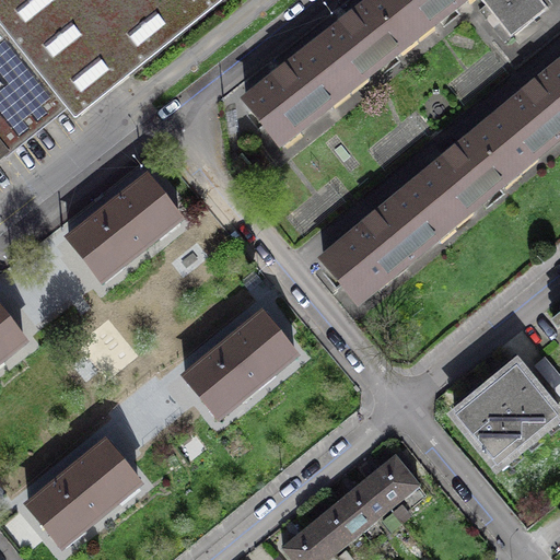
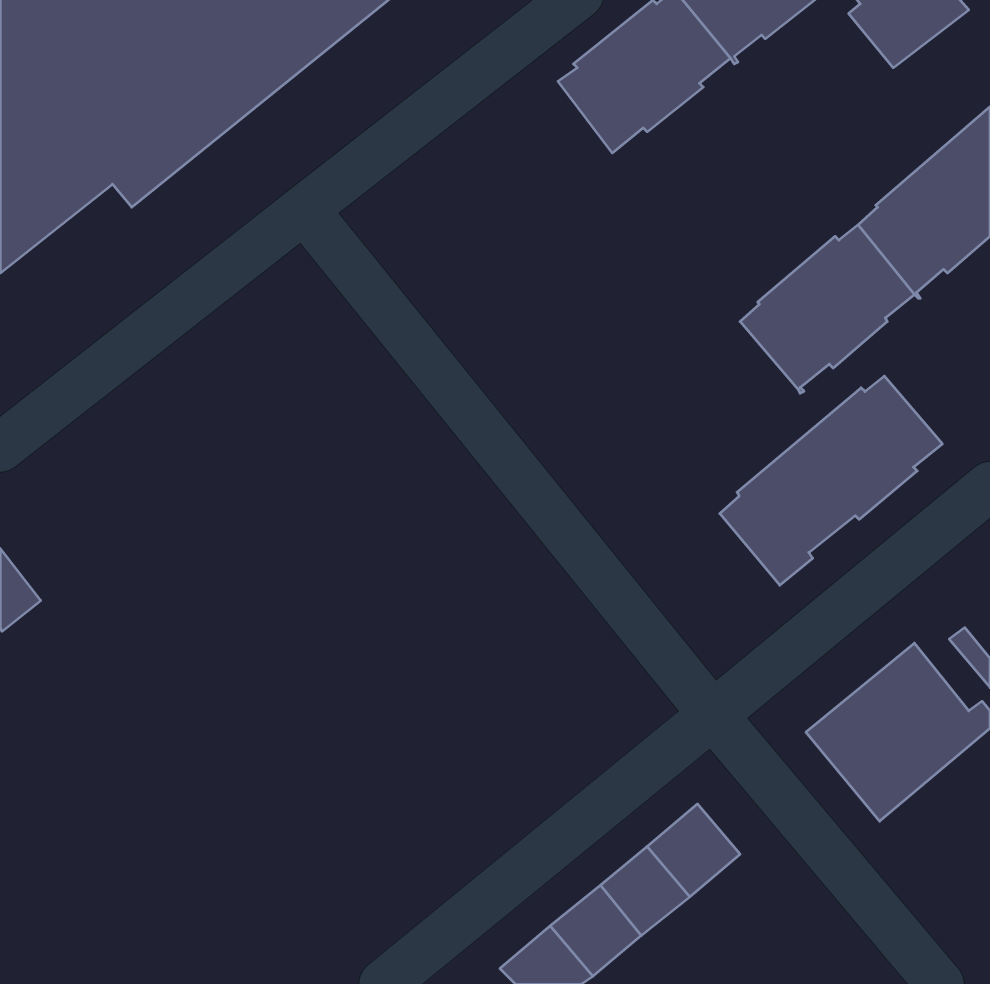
building: [247,46,348,141] -> none
building: [68,175,179,278] -> none
building: [325,182,451,300] -> [720,376,942,585]
building: [185,312,294,415] -> none
building: [28,440,138,542] -> none

